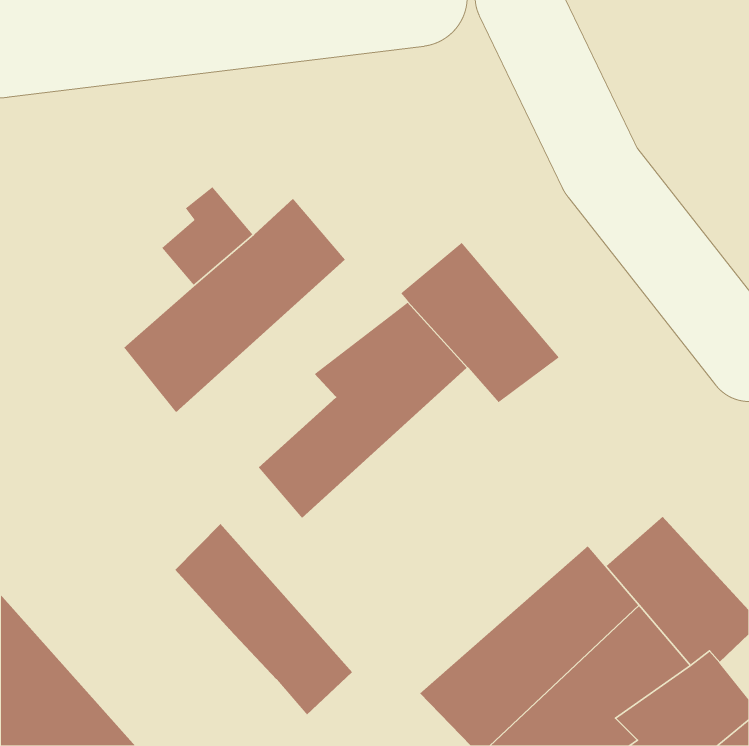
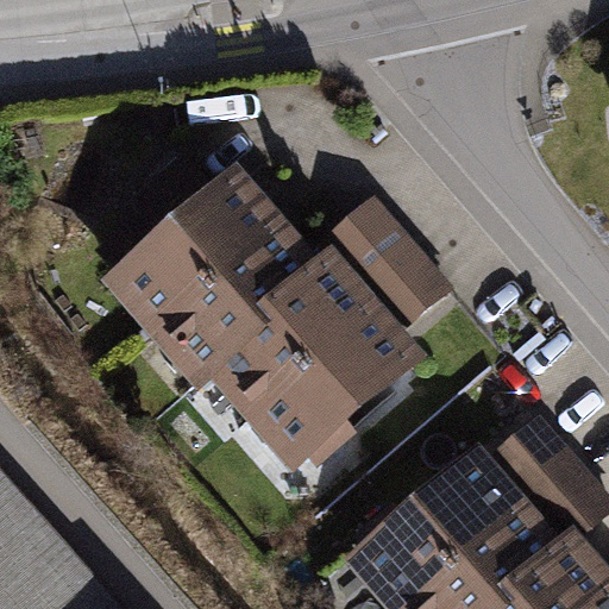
building: none -> [143,211,320,388]
building: none -> [245,299,429,473]
building: [174,523,353,715] -> none

